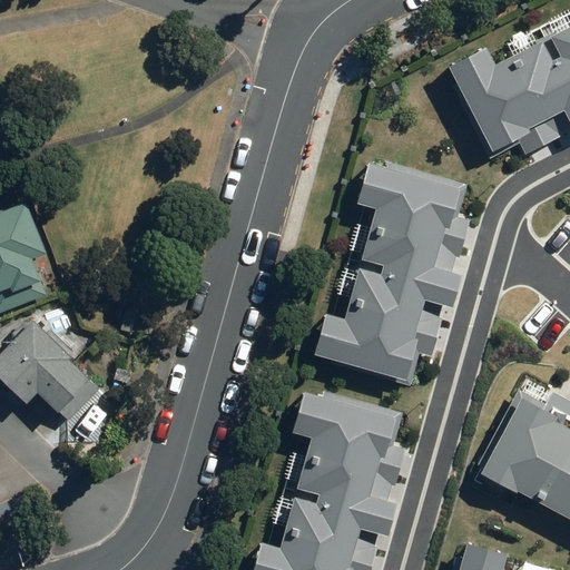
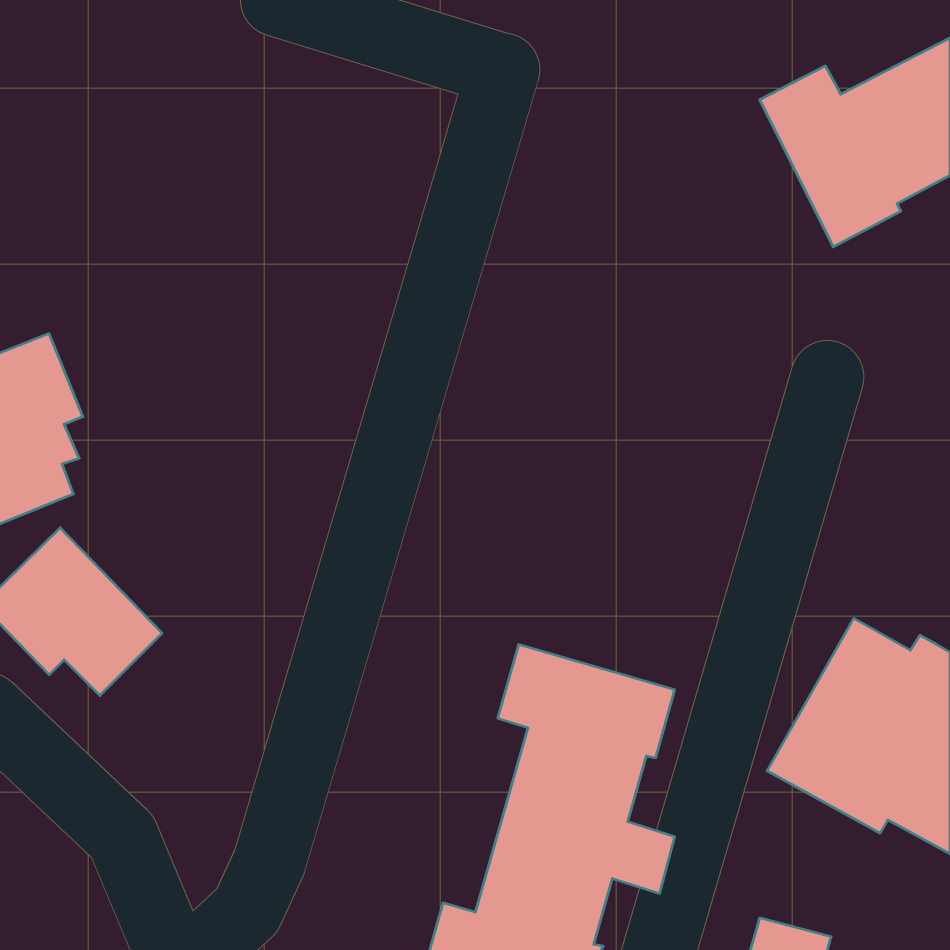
building: [316,159,465,381] -> none

